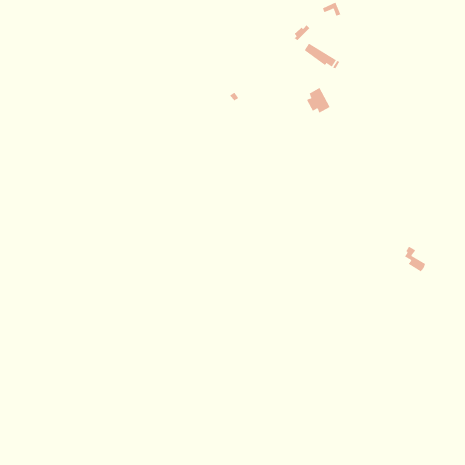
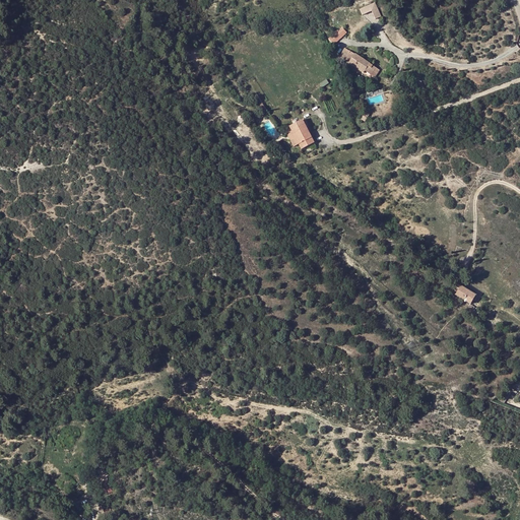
building: [306,87,331,113] -> [286,119,314,148]

